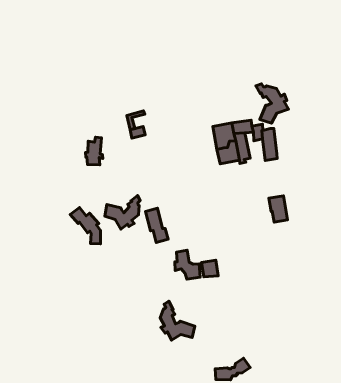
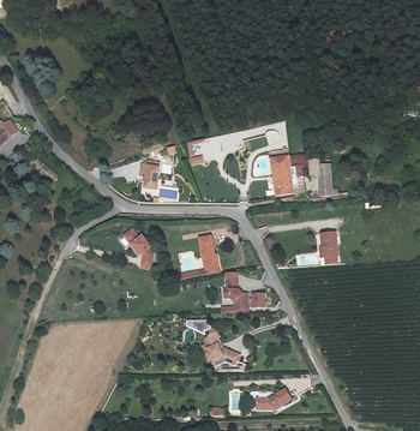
building: [256,84,288,123] -> none
building: [105,196,140,229] -> none

